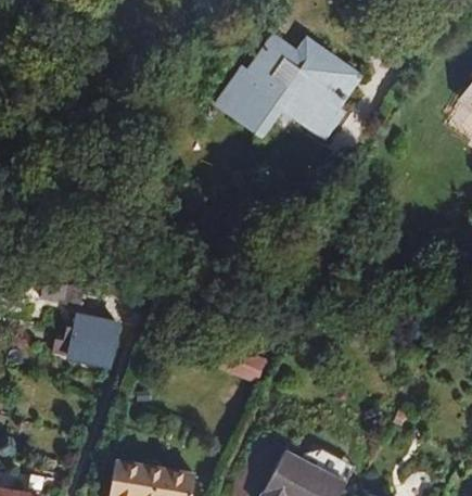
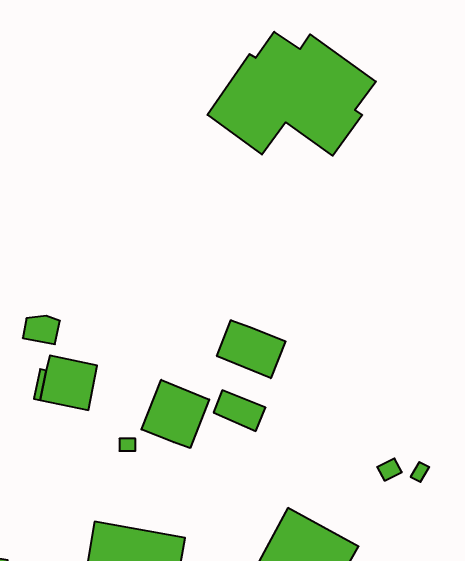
building: none -> [217,320,286,378]
building: none -> [141,380,209,448]

